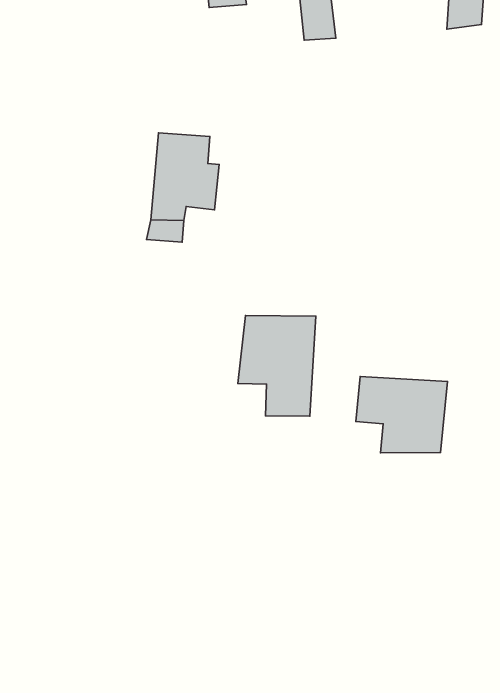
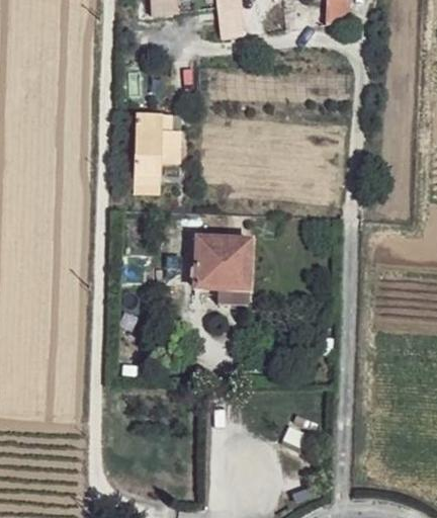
building: [356,376,447,453] -> none

